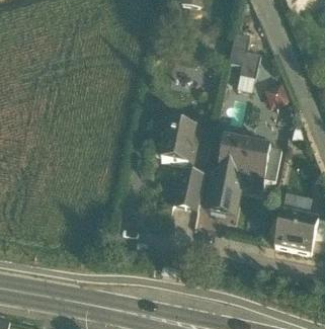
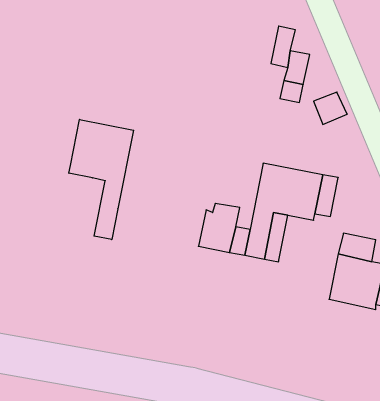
building: none -> [69,119,134,240]
building: [155,120,196,164] -> none

